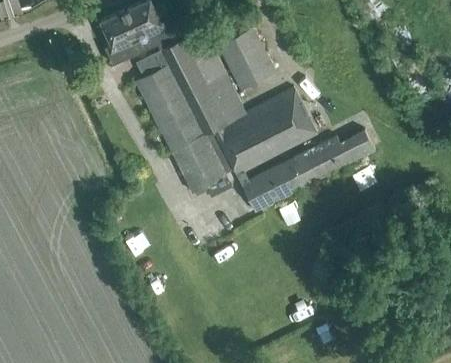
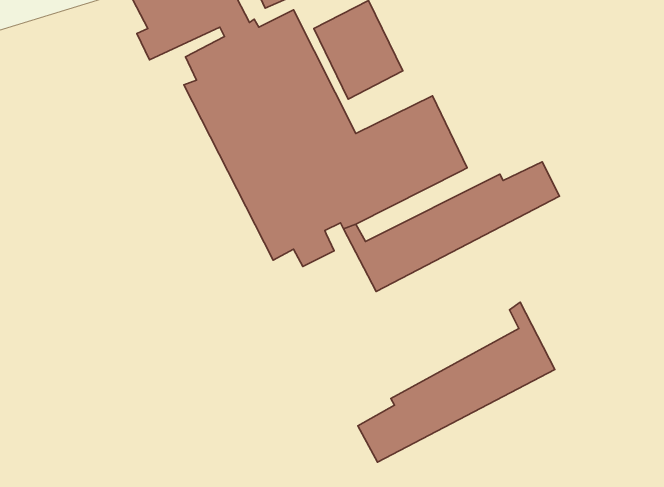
building: none -> [358,302,555,462]

